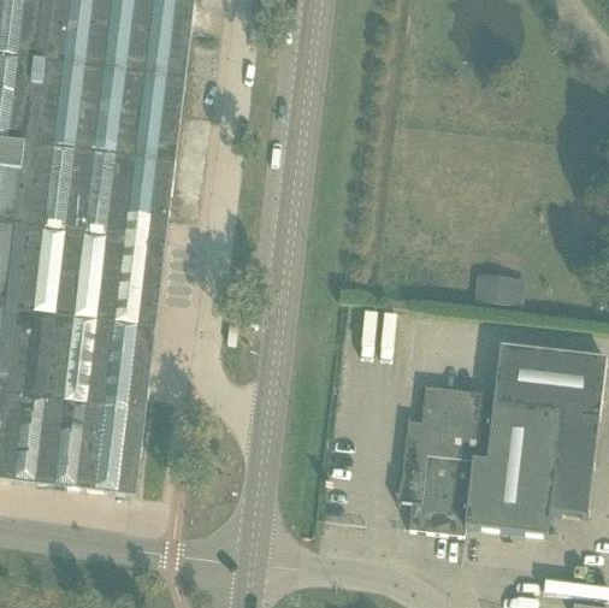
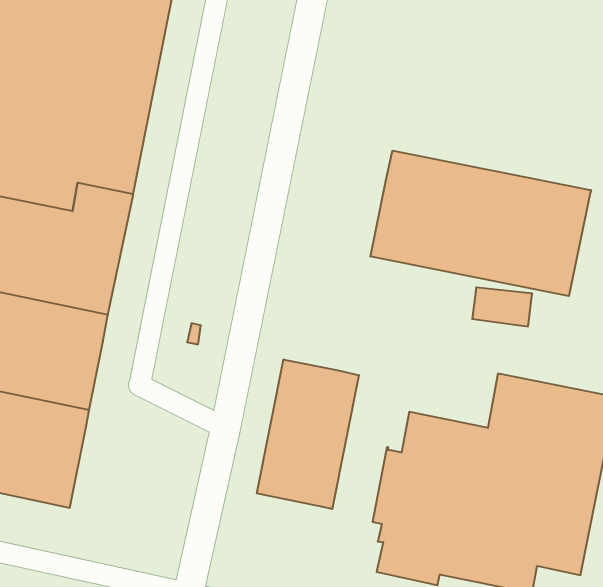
building: none -> [370,151,591,296]
building: none -> [257,359,359,509]

